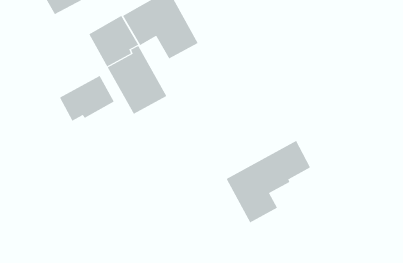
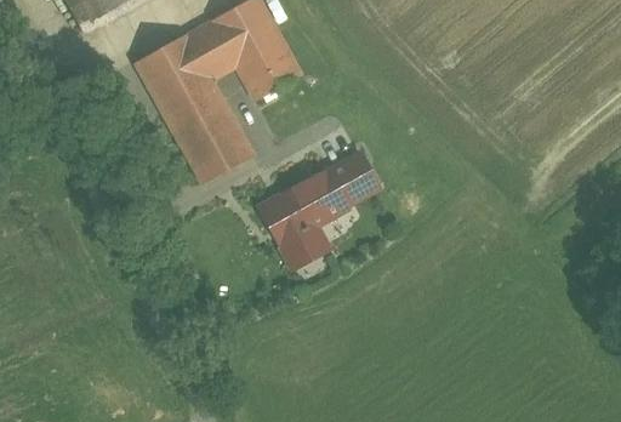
building: [59,75,115,122] -> none
building: [226,140,311,223] -> [255,147,383,272]

